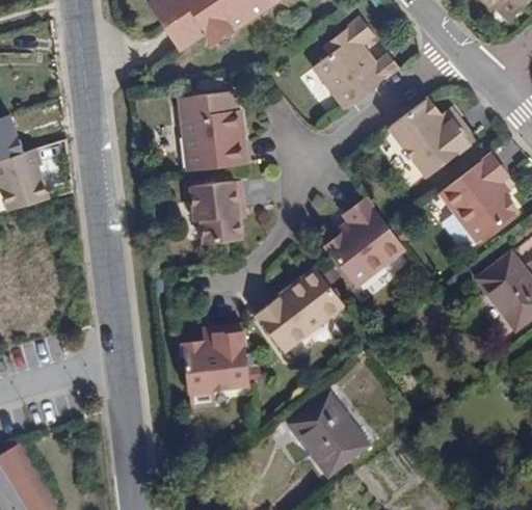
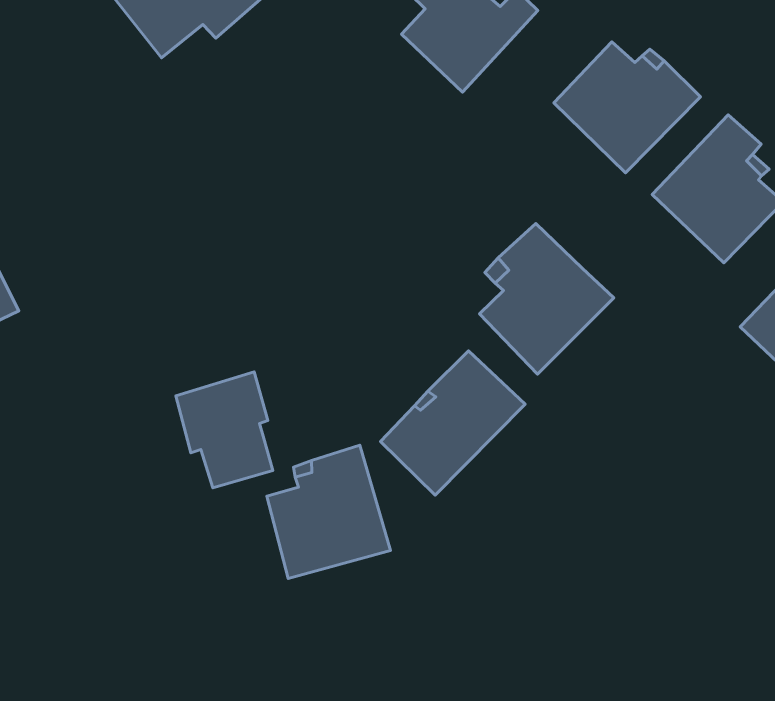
building: [180,90,245,171] -> none
building: [190,179,242,243] -> [176,372,273,488]
building: [287,394,369,478] -> none

